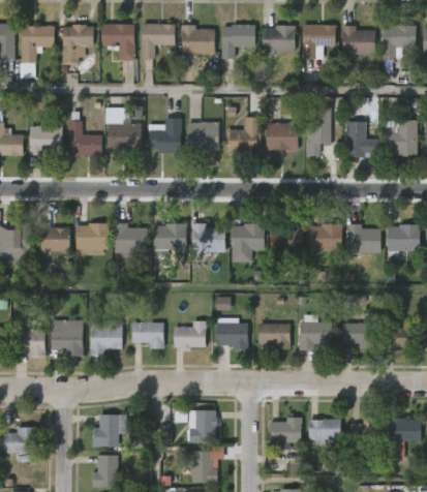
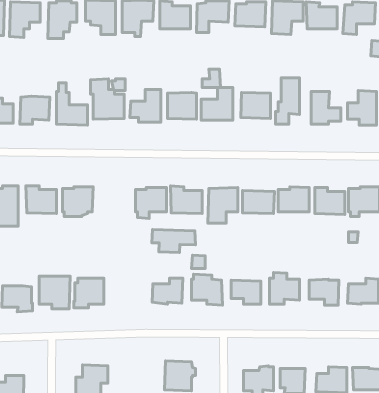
building: [116,223,149,259] -> none
building: none -> [152,230,196,252]
building: [130,322,163,349] -> none

